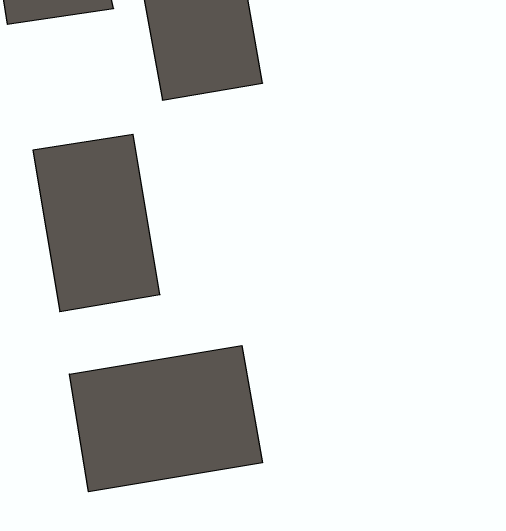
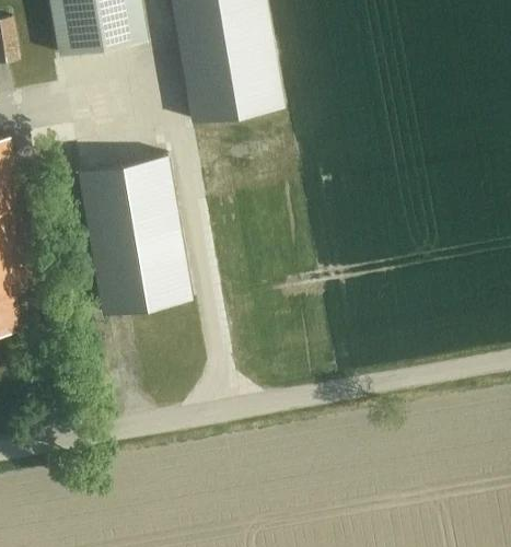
building: [69,346,262,492] -> none

